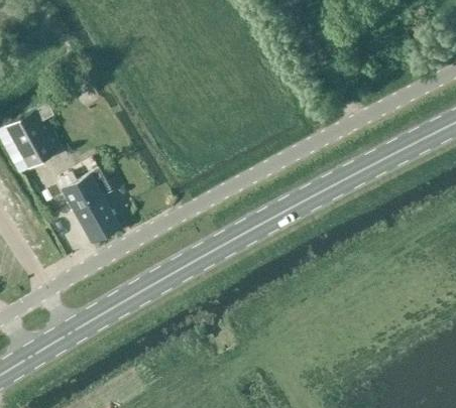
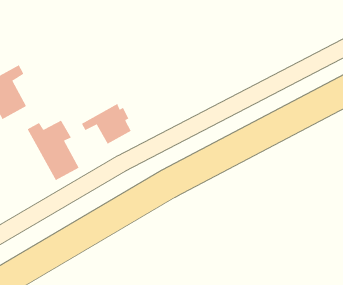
building: none -> [81,103,132,145]

